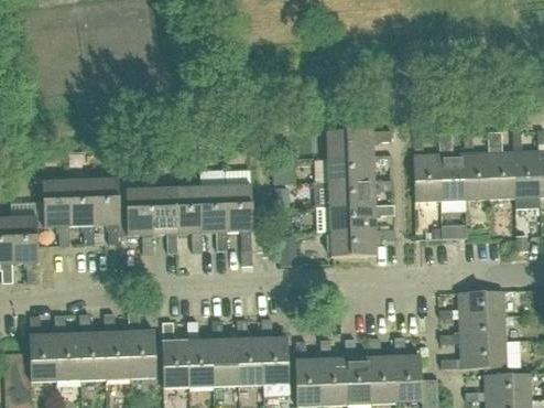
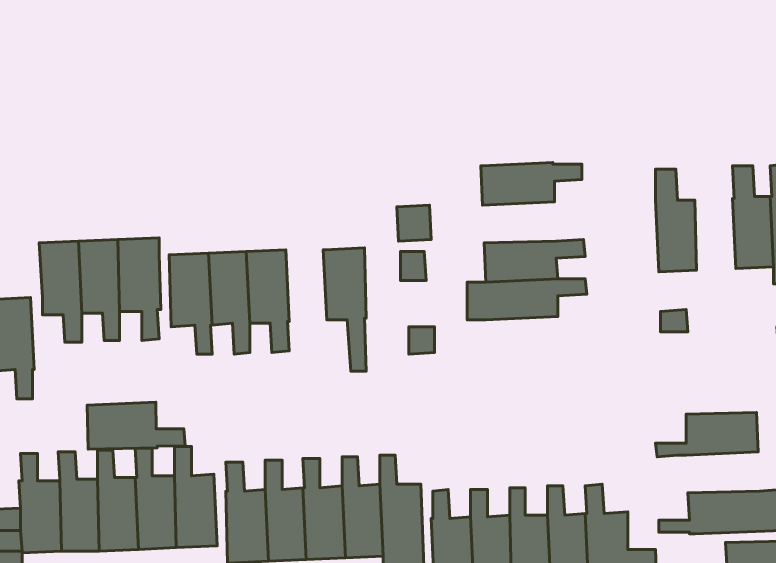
building: [464,152,490,198] -> none
building: [413,153,440,201] -> none
building: [327,154,392,181] -> none
building: [200,185,227,250] -> none
building: [329,228,395,256] -> none
building: none -> [87,402,185,449]
building: [439,315,505,343] -> none

